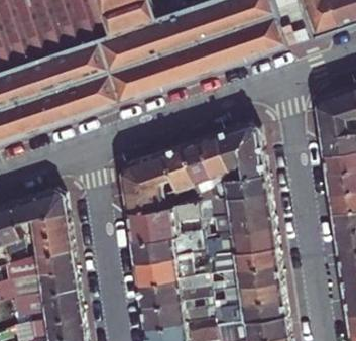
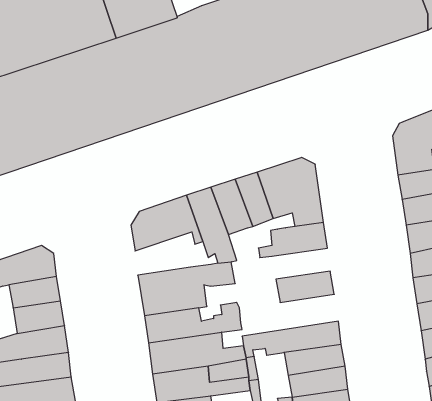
building: [123,182,164,212] -> none
building: [195,192,268,225] -> none
building: [202,226,274,257] -> none

